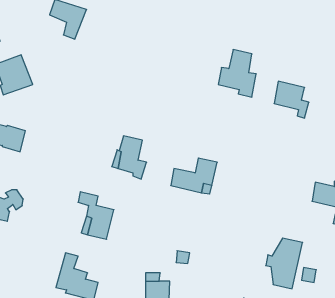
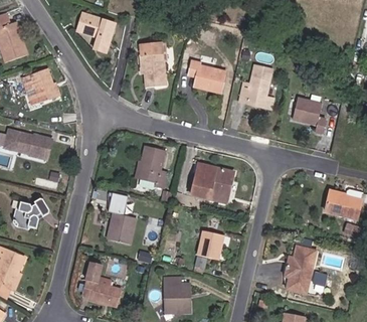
building: none -> [139,38,162,88]
building: none -> [186,61,222,93]
building: none -> [200,229,226,254]

